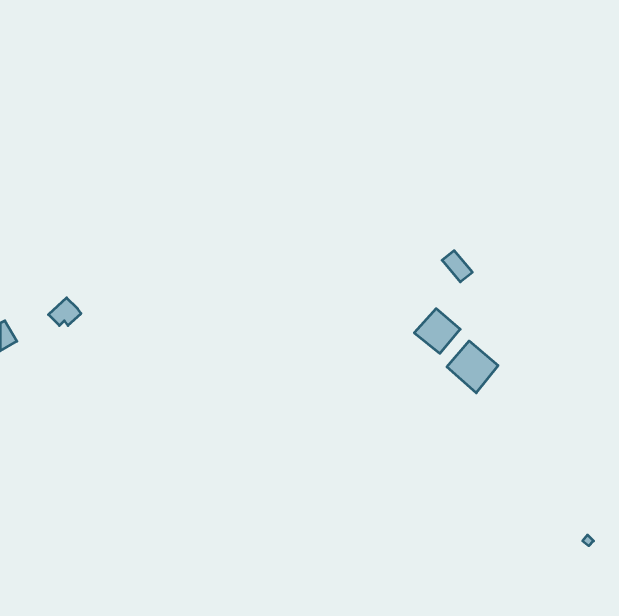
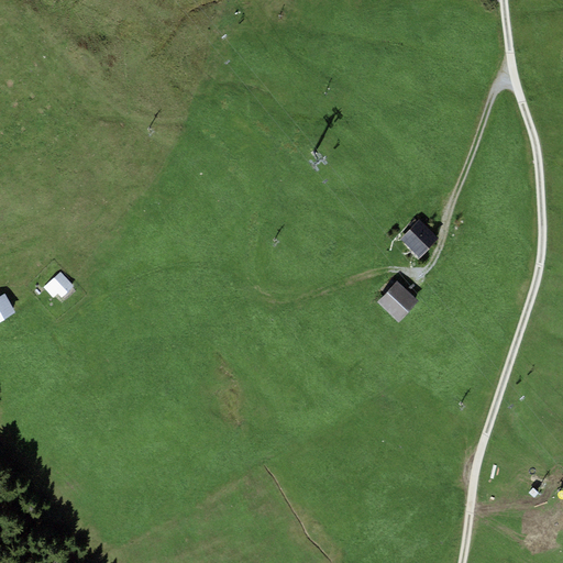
building: [447,341,498,393] -> none

